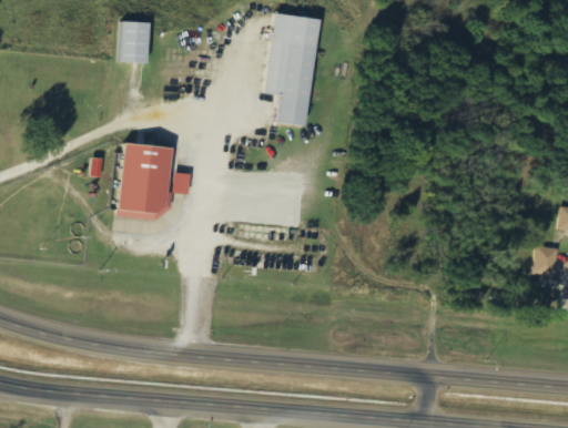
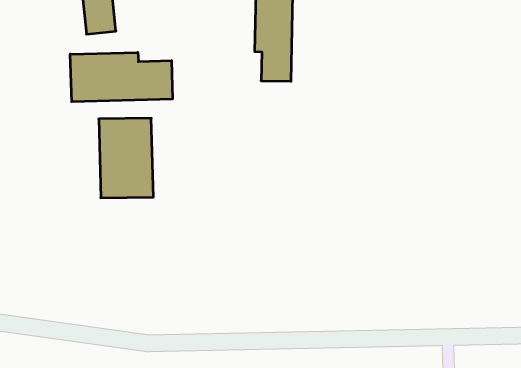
building: none -> [70,52,172,102]

